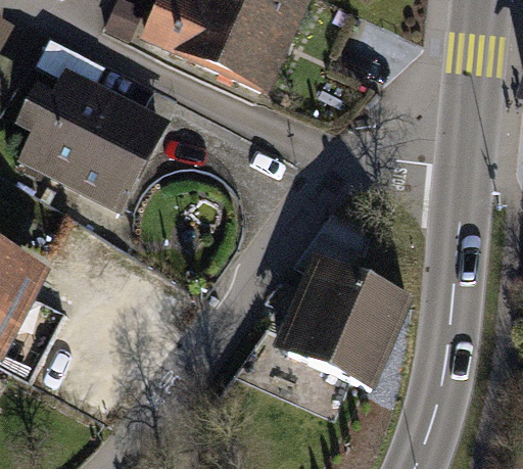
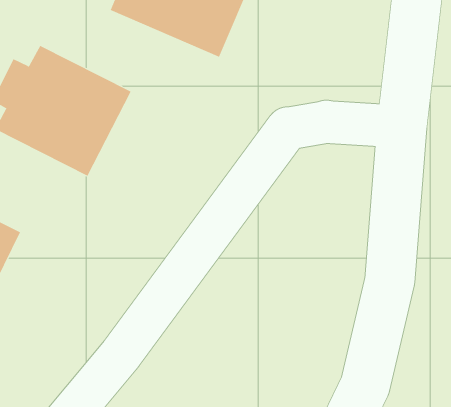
building: [271,254,414,390] -> none

